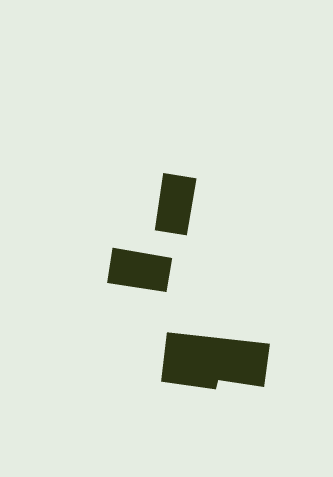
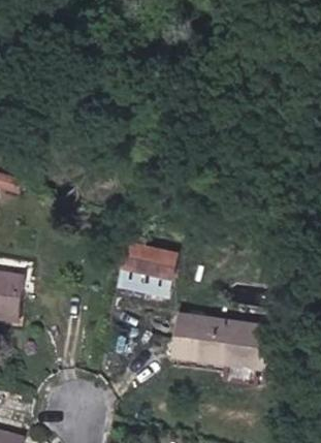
building: [154,172,197,236] -> none

